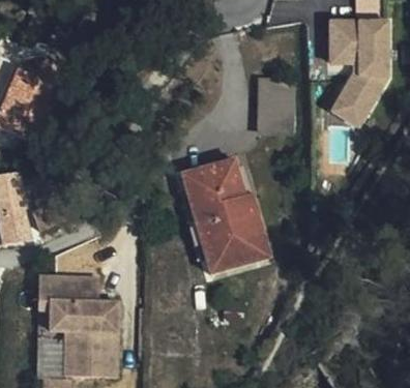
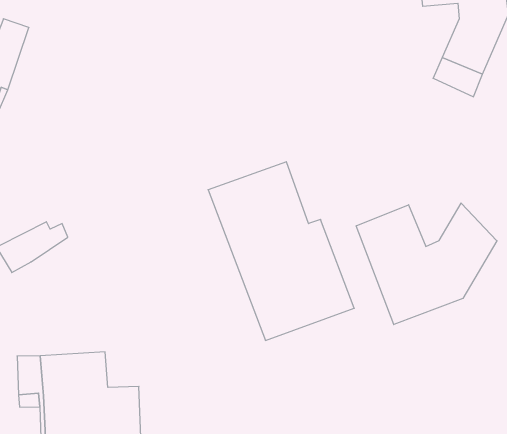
building: [259,71,292,128] -> none
building: none -> [356,203,497,325]

